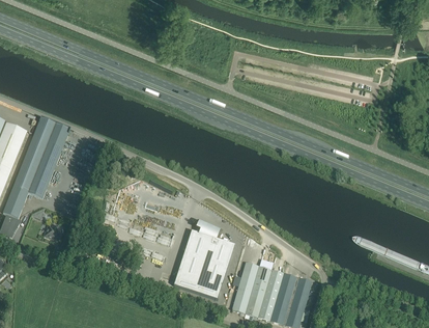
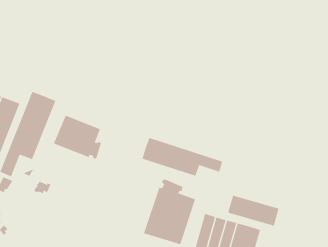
building: none -> [53,115,101,159]
building: none -> [142,137,223,177]
building: none -> [228,195,279,227]

